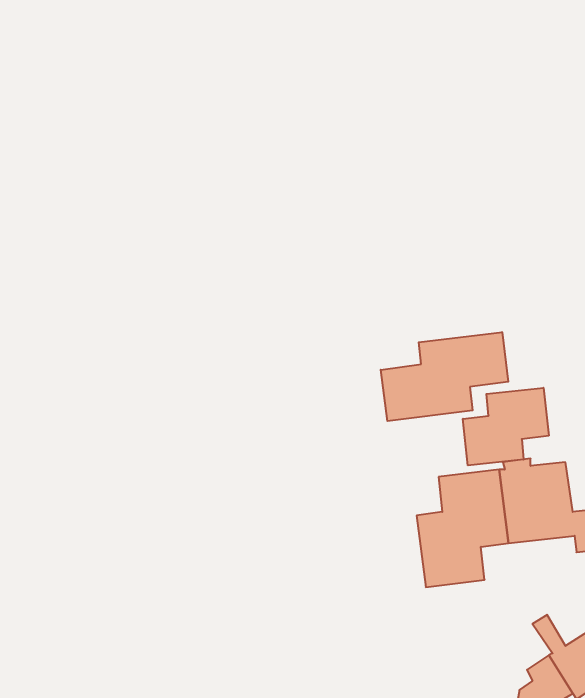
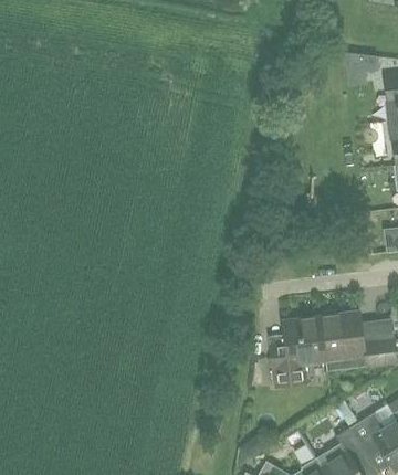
building: [381,332,508,421] -> none
building: [463,388,549,465] -> none

